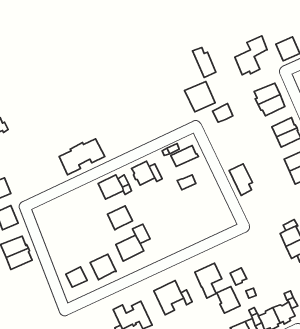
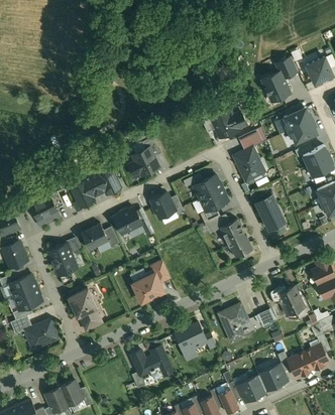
building: [193,47,216,77] -> none
building: none -> [132,148,158,176]
building: none -> [233,148,264,182]
building: none -> [199,188,228,213]
building: none -> [30,196,58,222]
building: none -> [220,221,252,259]
building: [107,206,132,230] -> [81,225,108,251]
building: none -> [48,245,77,276]
building: [90,254,116,280] -> [69,289,97,317]
building: none -> [23,317,60,351]
building: [217,286,240,313] -> [278,287,304,316]

